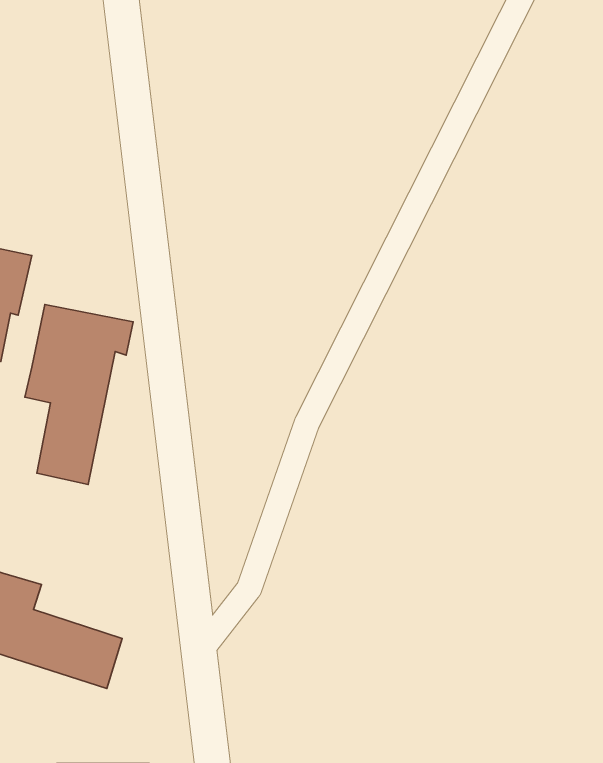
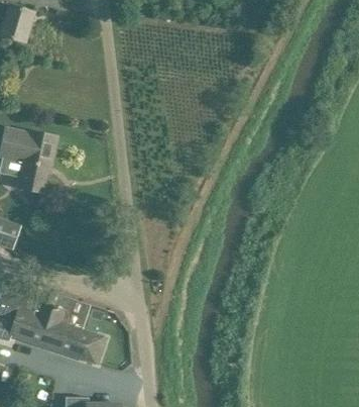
building: [25,305,133,485] -> none

